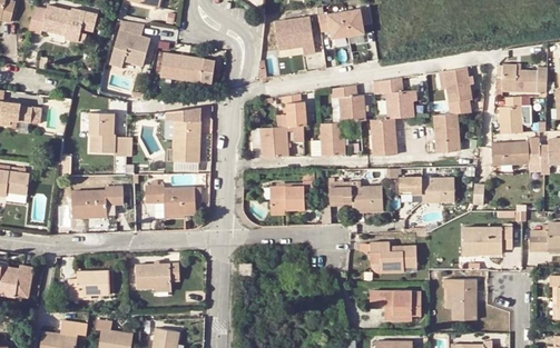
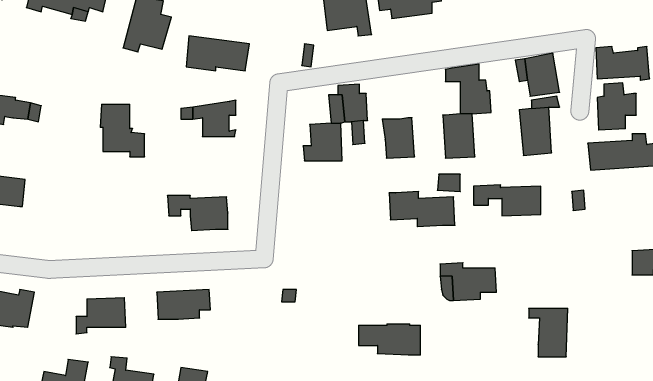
building: [335,84,369,121] -> none
building: [173,137,199,161] -> none
building: [268,181,312,209] -> none
building: [71,186,121,218] -> none
building: [463,225,511,252] -> none
building: [369,290,420,316] -> [359,324,420,355]

